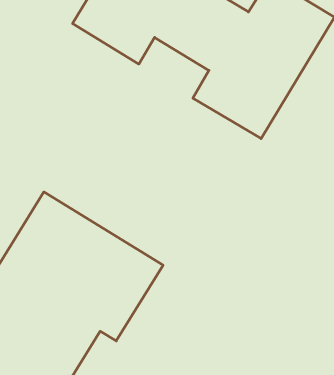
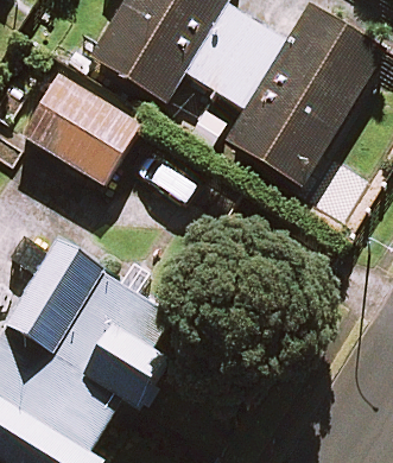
building: none -> [19,69,142,186]

